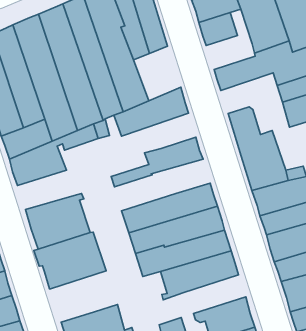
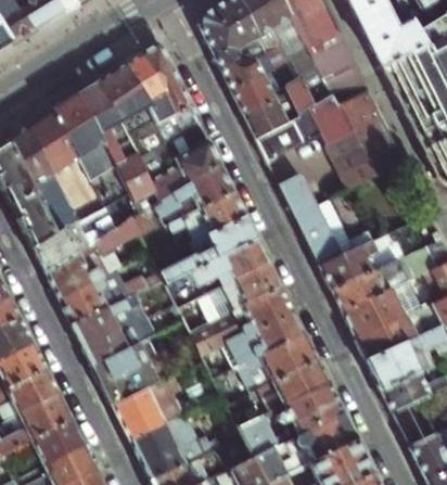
building: none -> [243,99,298,140]
building: none -> [166,123,222,186]
building: none -> [170,192,247,241]
building: none -> [167,240,271,294]
building: none -> [61,276,125,326]
building: none -> [115,379,180,443]
building: none -> [260,360,330,412]

